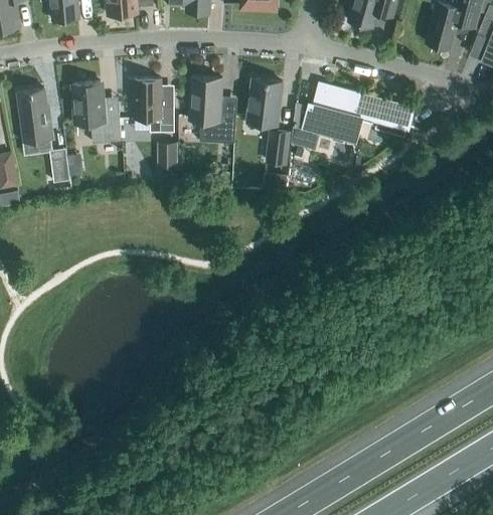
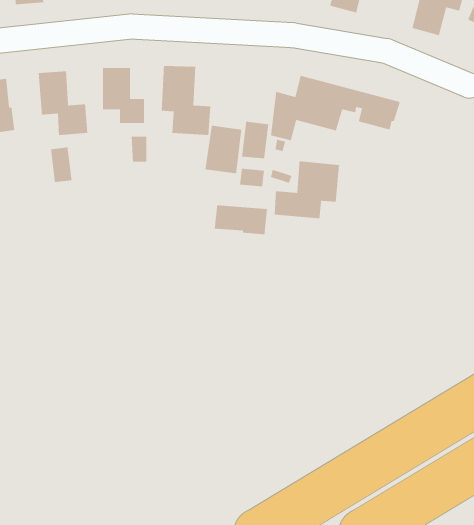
building: [247,77,282,124] -> [205,125,242,174]
building: [49,147,70,181] -> [50,147,72,183]
building: none -> [274,160,340,219]
building: none -> [214,204,268,235]

